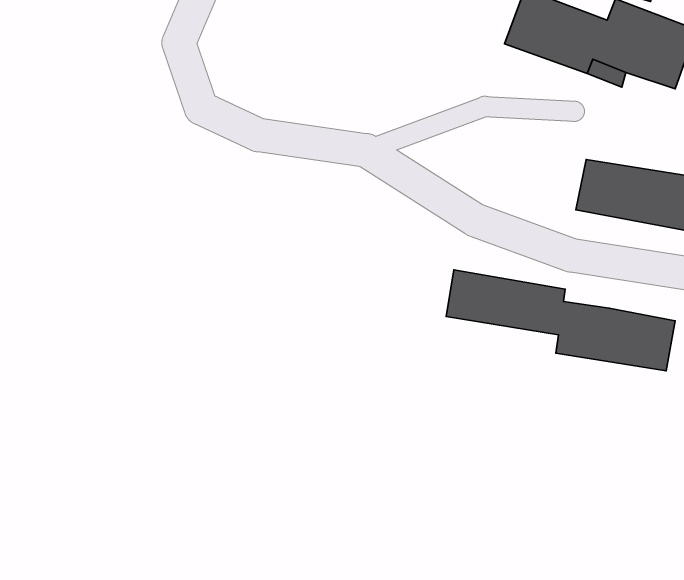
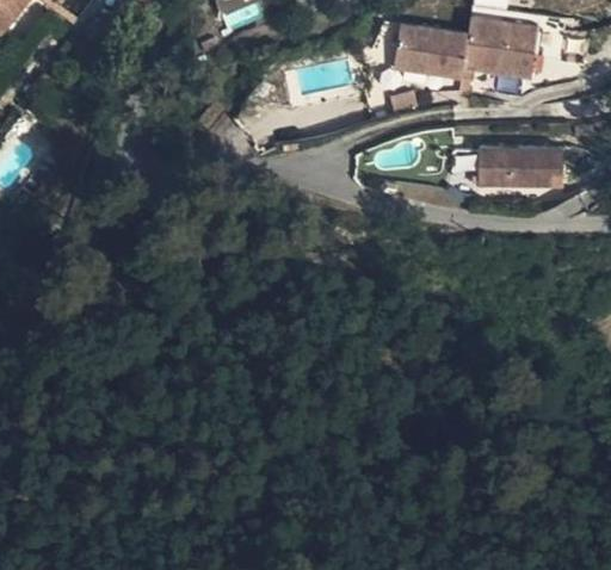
building: [446,270,675,371] -> none

